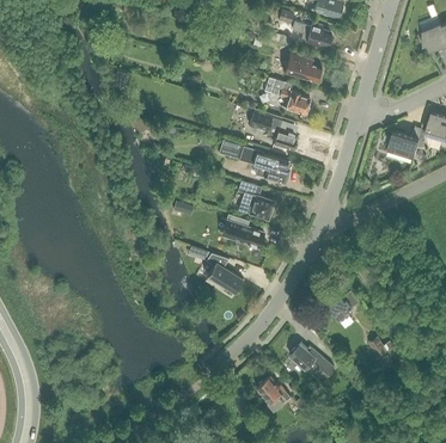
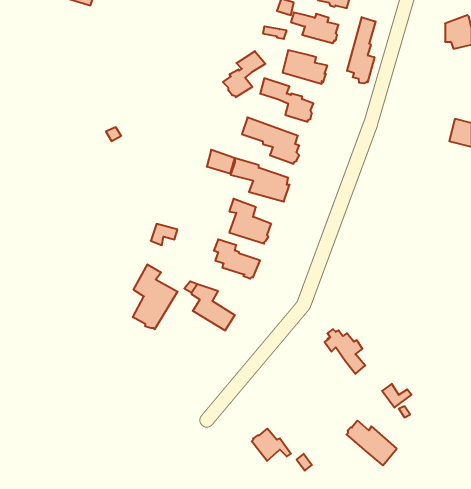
building: none -> [347,17,376,83]
building: none -> [223,51,265,97]
building: [387,127,421,158] -> none
building: none -> [133,264,178,329]
building: [291,344,334,382] -> [346,421,397,465]

